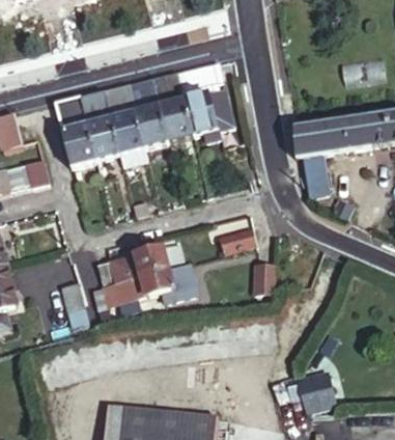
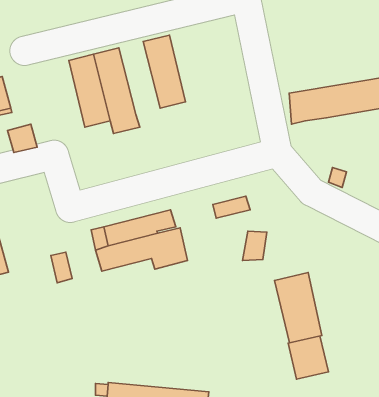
building: [176,61,232,143] -> none
building: [126,78,167,149] -> none
building: [53,97,93,167] -> none
building: [309,153,337,194] -> none
building: none -> [275,273,322,343]

